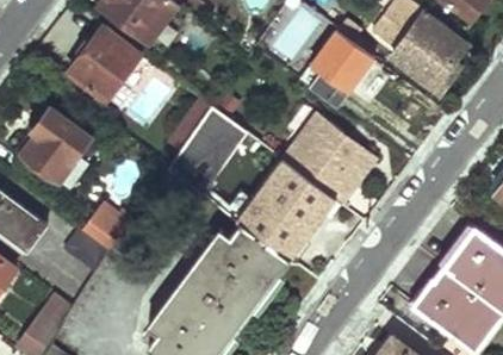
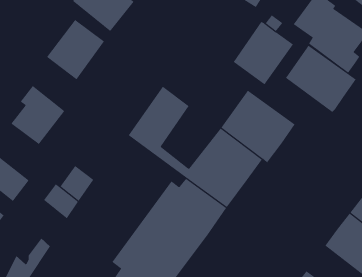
building: none -> [285,45,357,113]

